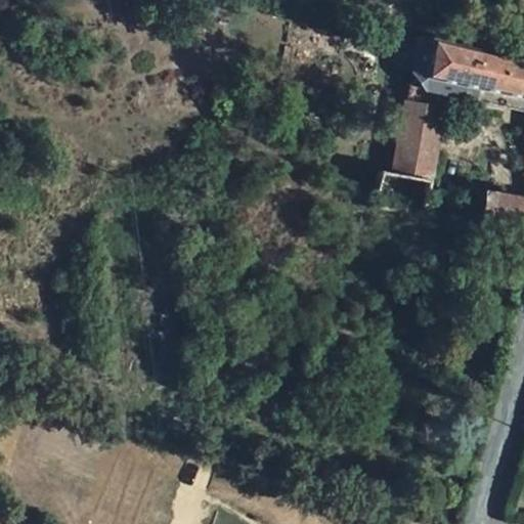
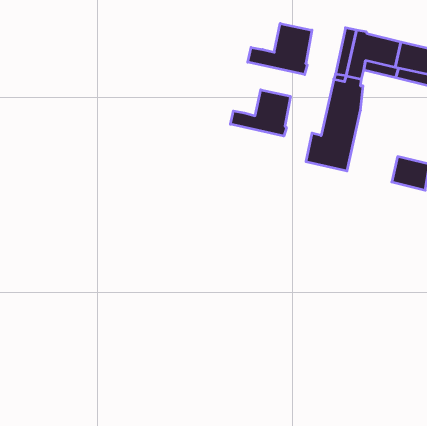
building: none -> [248,23,312,75]
building: none -> [230,90,290,136]

